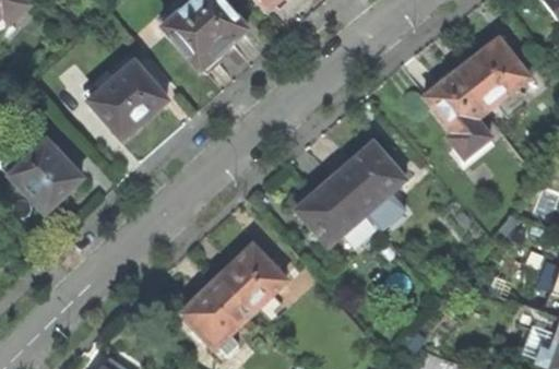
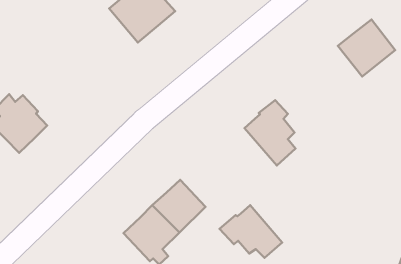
building: [88,60,168,138] -> none
building: [426,72,492,155] -> none
building: [297,178,378,246] -> [220,205,282,258]

